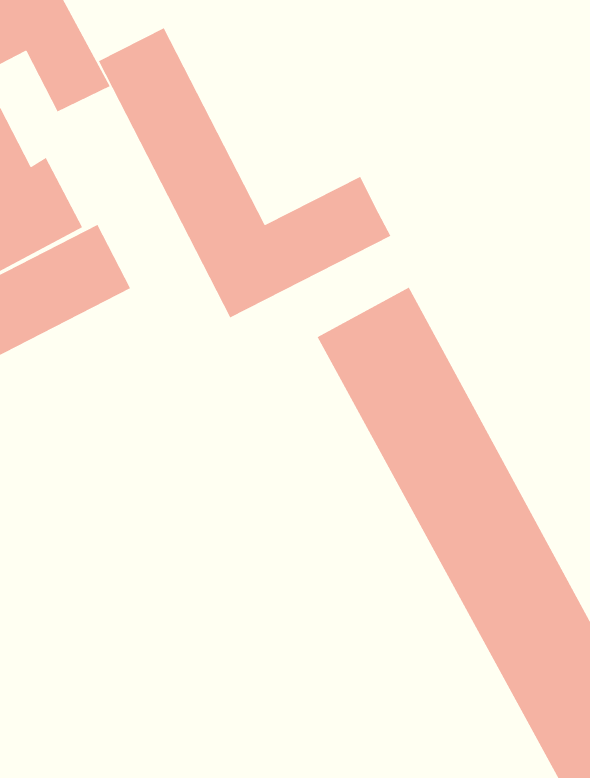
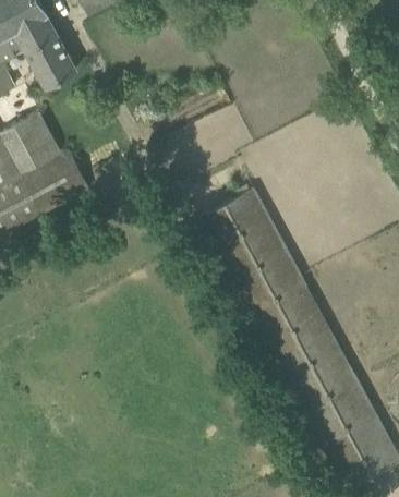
building: [98,27,391,318] -> none

